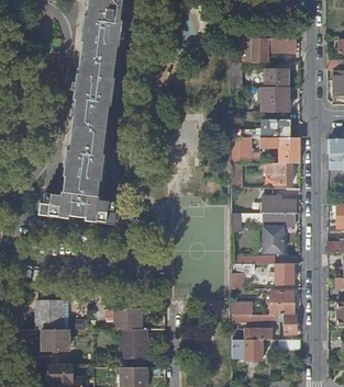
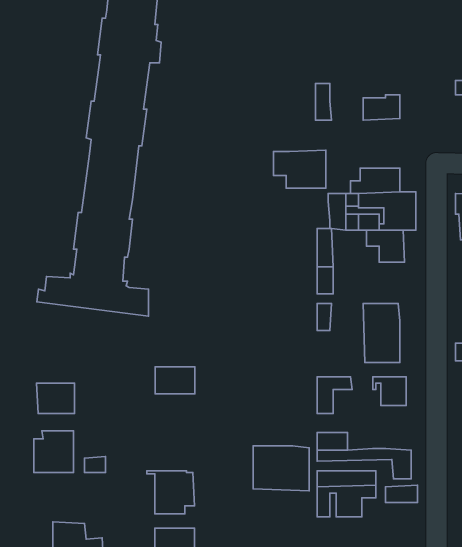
building: [252,37,296,61] -> none
building: [253,86,289,112] -> [273,150,326,188]
building: [263,195,296,213] -> none
building: [270,291,293,312] -> none
building: [114,309,142,328] -> [155,367,195,394]
building: none -> [253,446,309,491]
building: [43,329,69,350] -> [36,383,75,413]

